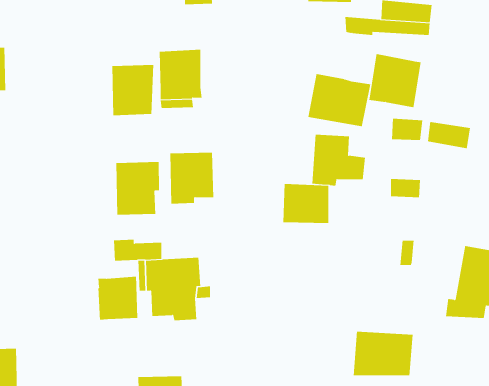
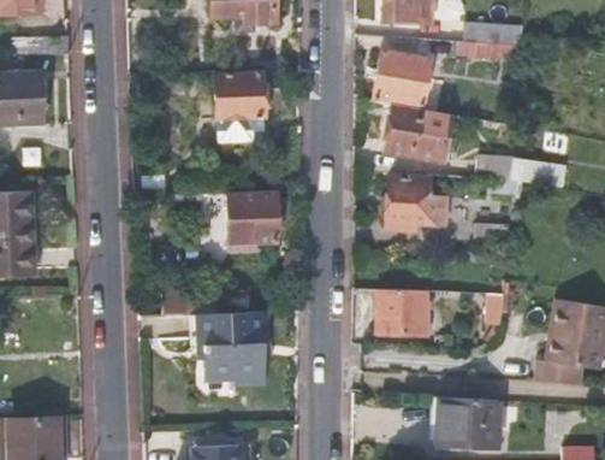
building: [368,54,422,108] -> [373,48,433,110]
building: [112,64,154,116] -> none
building: [116,161,159,215] -> none
building: [283,183,329,224] -> [376,289,429,335]
building: [98,276,138,321] -> none

